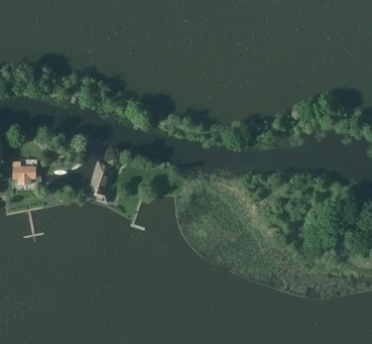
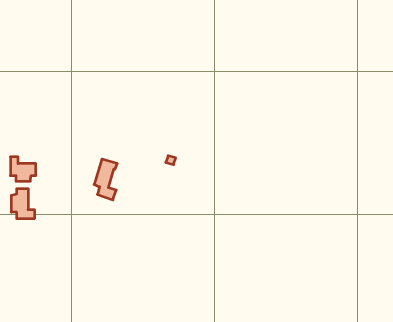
building: none -> [11,189,34,219]

